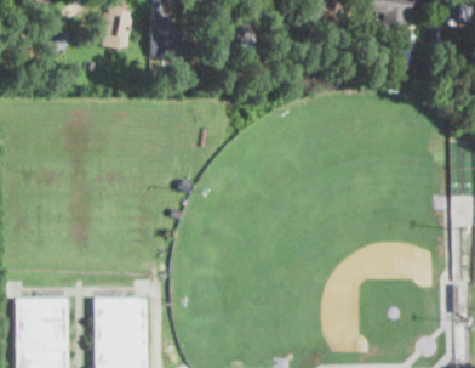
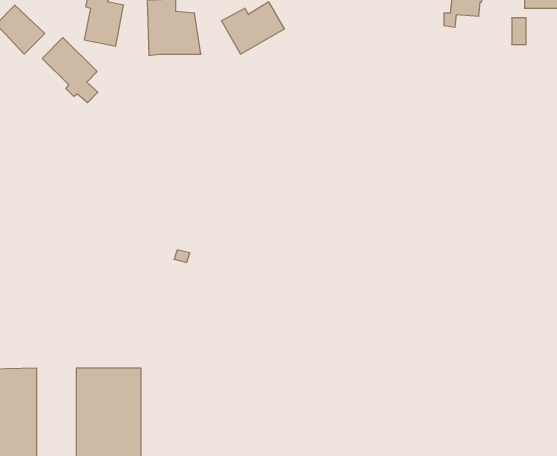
building: none -> [42,38,98,103]

